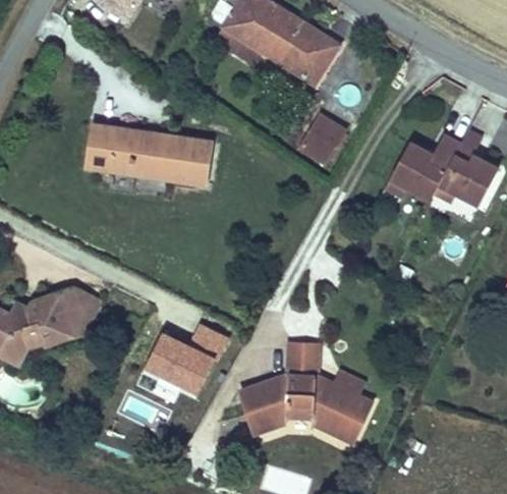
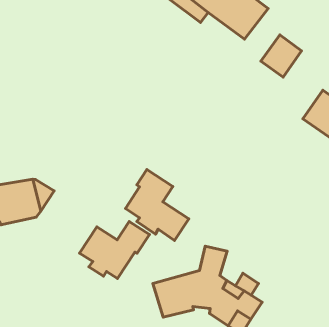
building: [300,111,348,162] -> [261,35,301,77]
building: [86,122,217,184] -> none
building: none -> [125,170,189,241]

